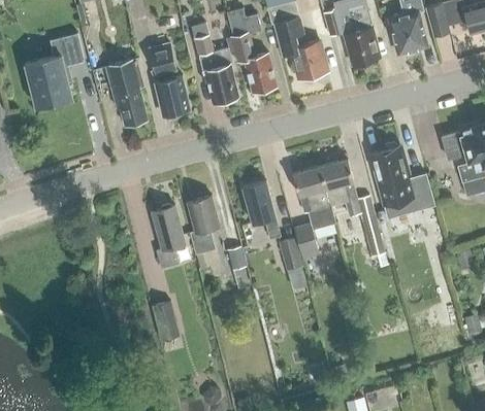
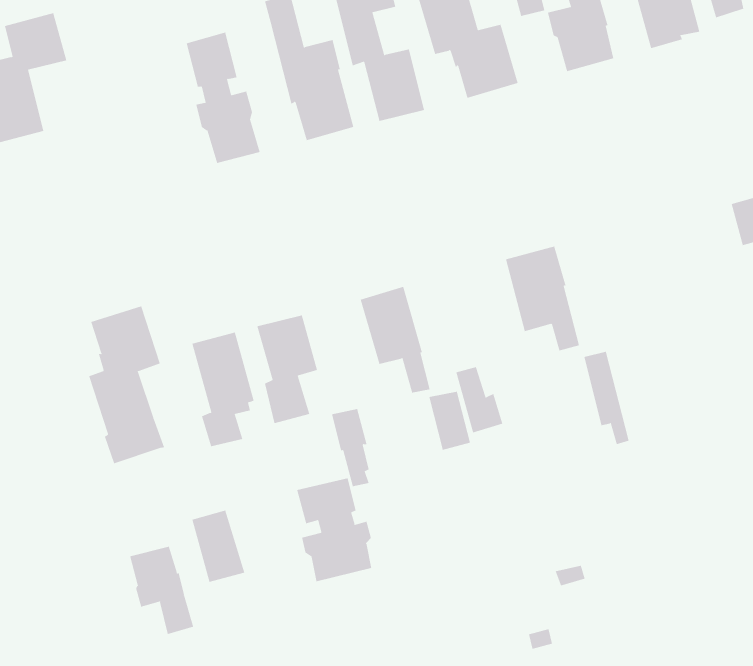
building: [105,59,147,126] -> none
building: [371,145,434,220] -> none
building: [292,166,334,226] -> none
building: none -> [88,305,165,464]
building: none -> [297,478,372,582]
building: none -> [130,546,194,635]

